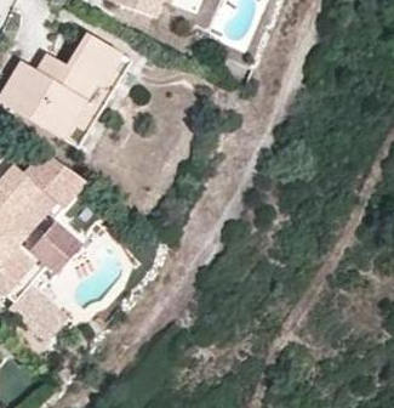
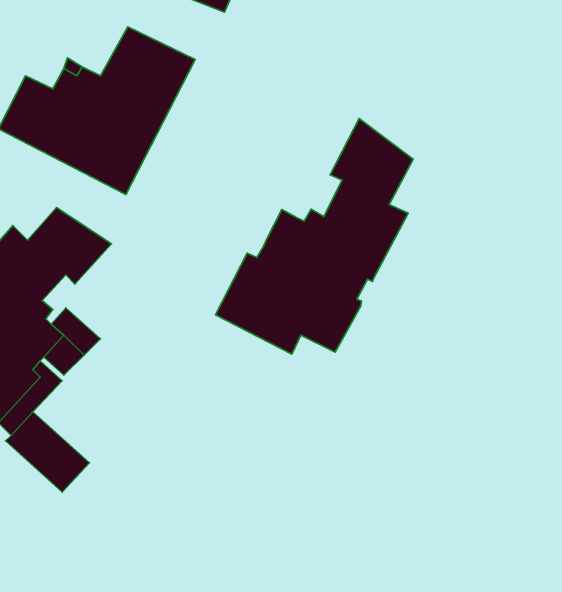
building: none -> [216,118,413,354]

